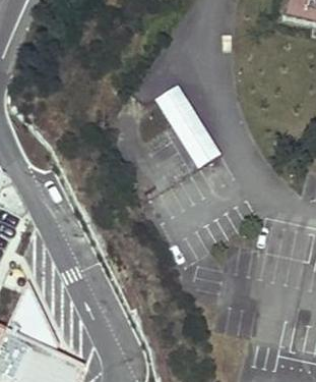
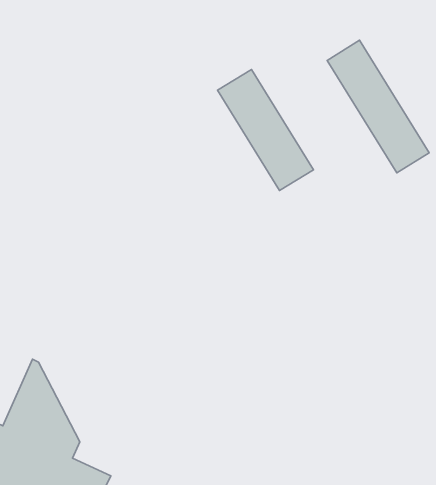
building: none -> [327,40,429,173]

